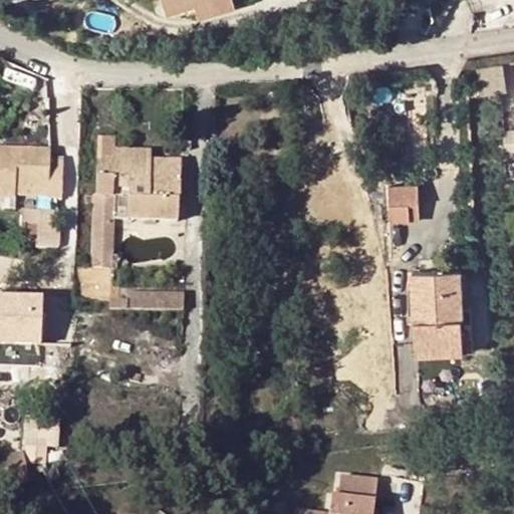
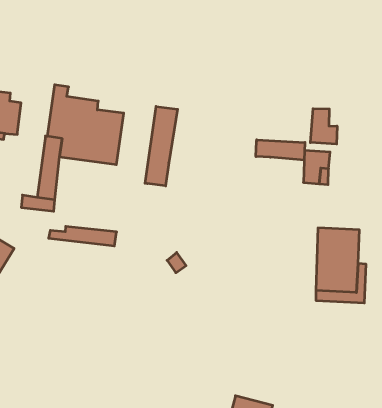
building: none -> [310,109,337,144]
building: none -> [145,106,178,186]
building: none -> [256,140,305,160]

